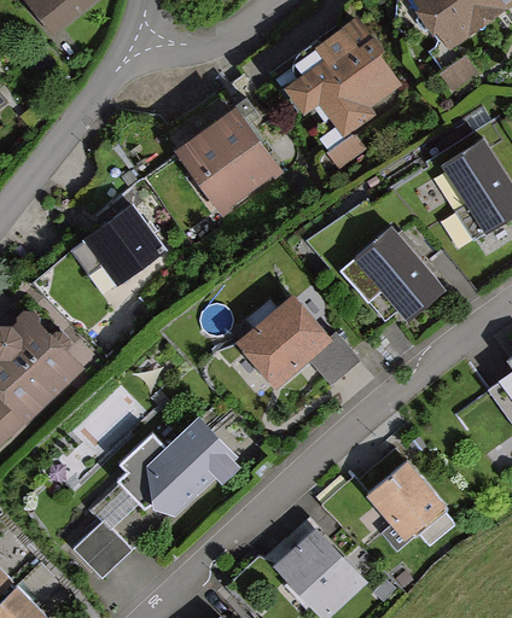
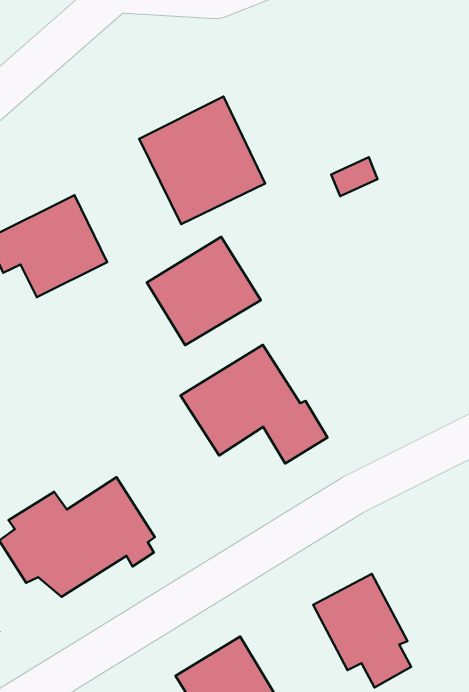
building: [284,22,397,140] -> none
building: [348,218,441,316] -> none
building: none -> [147,237,261,345]

